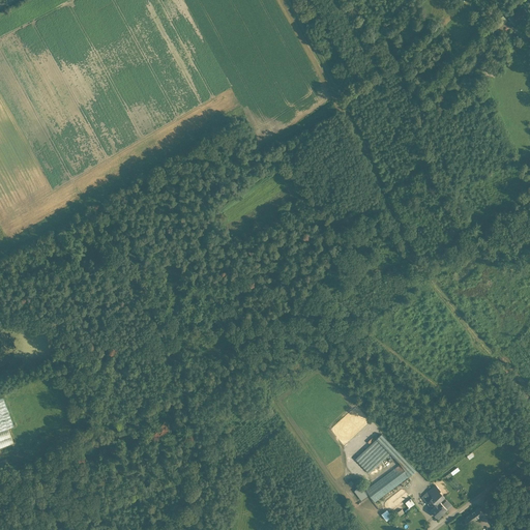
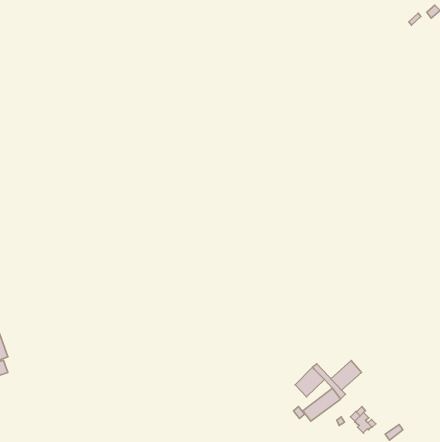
building: none -> [331,361,362,390]

